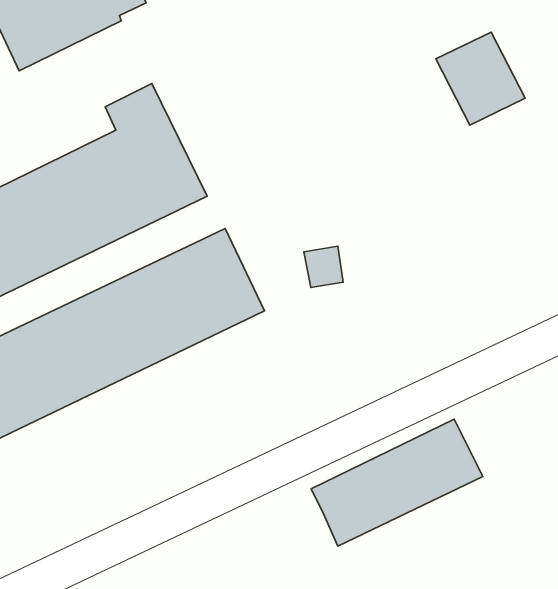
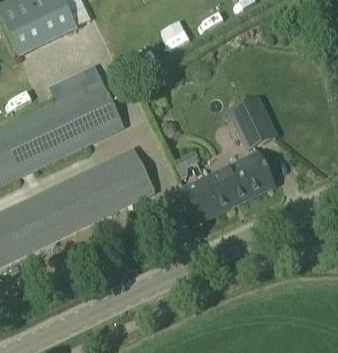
building: [436,32,525,125] -> [227,99,277,151]
building: [311,419,483,546] -> [179,154,275,225]

